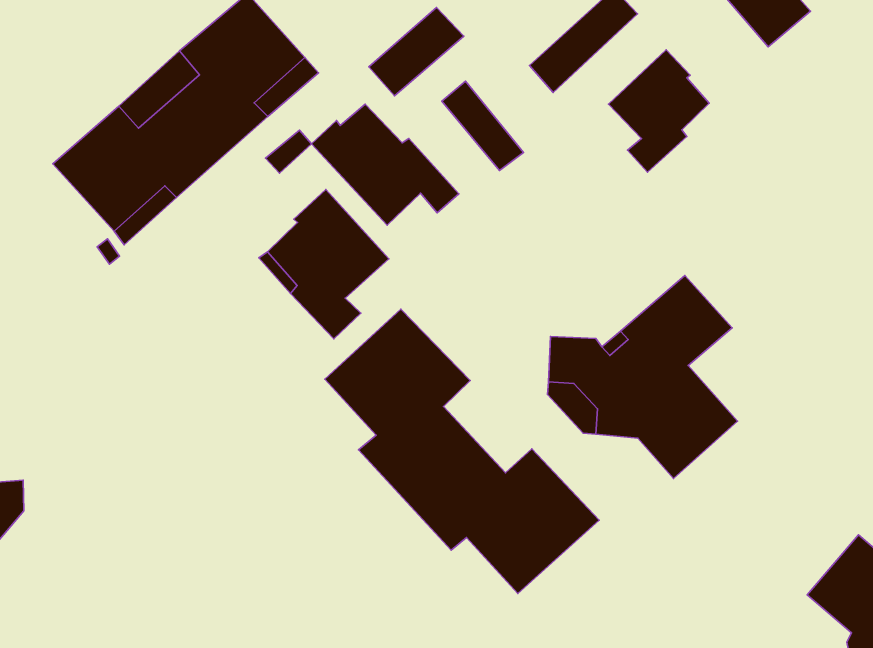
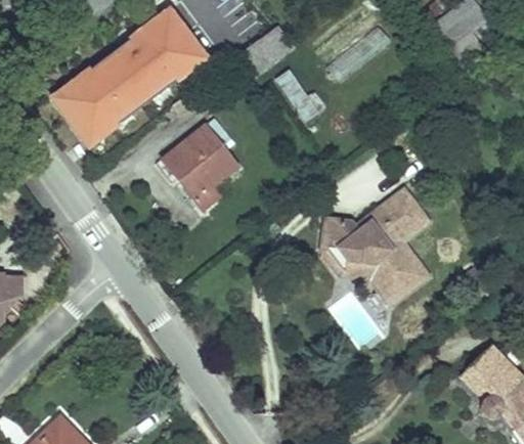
building: [609,50,709,172] -> none
building: [311,104,459,225] -> none
building: [325,309,599,594] -> none

